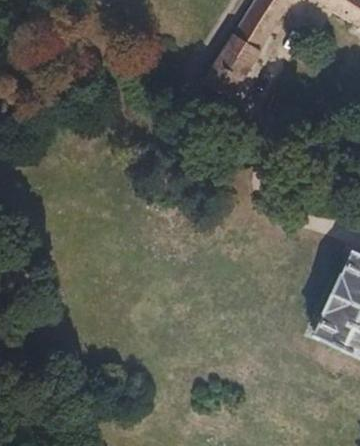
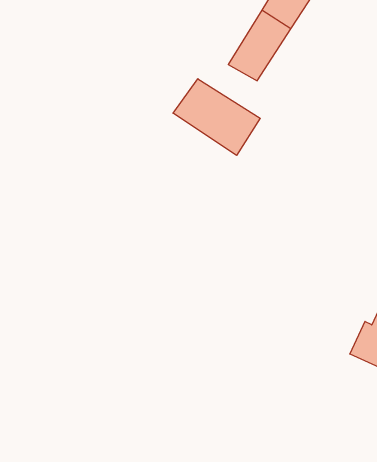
building: none -> [173,79,260,155]

